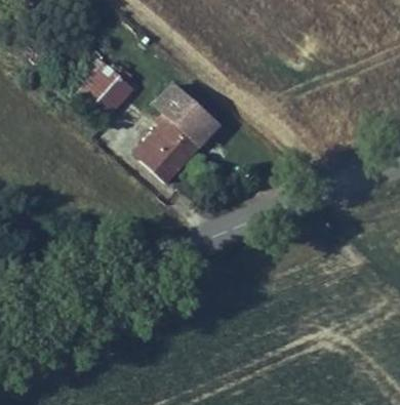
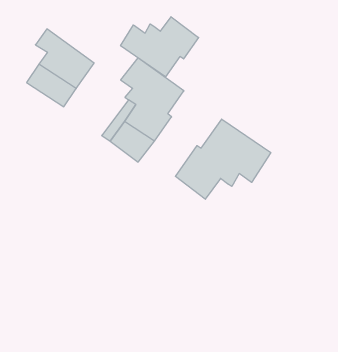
building: none -> [121,17,199,77]
building: none -> [175,119,271,199]

